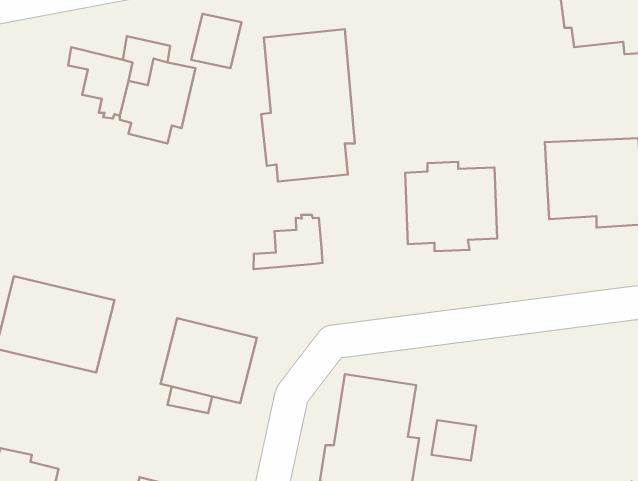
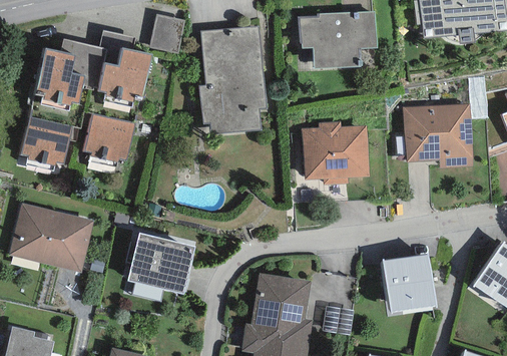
building: none -> [300,11,376,68]
building: none -> [34,48,84,110]
building: none -> [82,112,134,169]
building: none -> [20,116,71,170]
building: [253,215,323,269] -> none
building: none -> [382,254,435,312]

